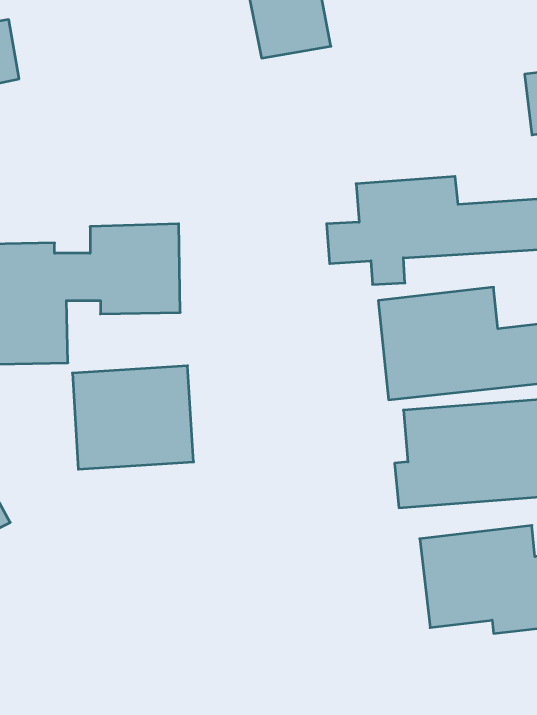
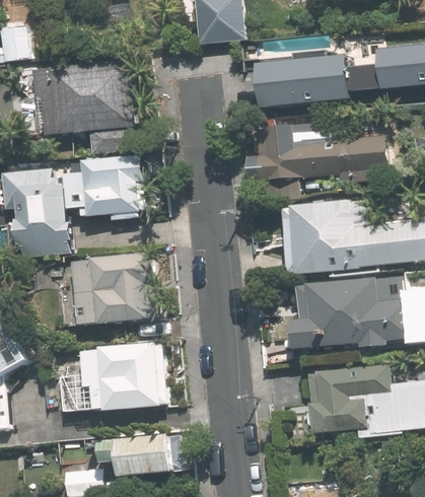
building: none -> [254,55,357,105]
building: none -> [29,64,134,156]
building: none -> [59,343,162,410]
building: none -> [100,434,173,474]

